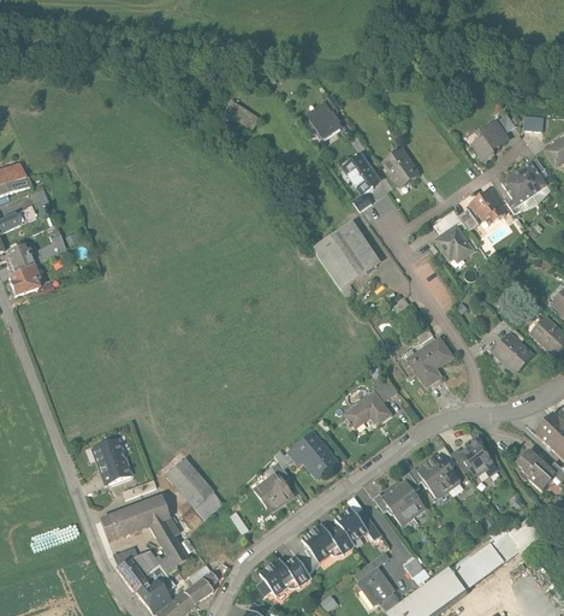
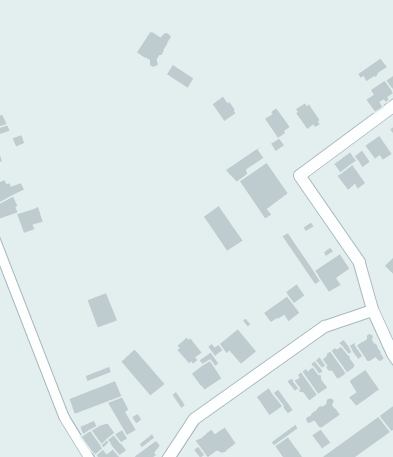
building: none -> [135,32,172,68]
building: none -> [357,58,388,82]
building: [309,105,340,138] -> [212,95,237,122]
building: none -> [225,146,265,182]
building: none -> [203,205,244,252]
building: none -> [16,206,44,234]
building: [91,438,131,484] -> [86,292,118,329]
building: none -> [176,336,203,365]
building: none -> [348,369,380,407]
building: none -> [305,398,341,429]
building: [301,521,355,557] -> none

